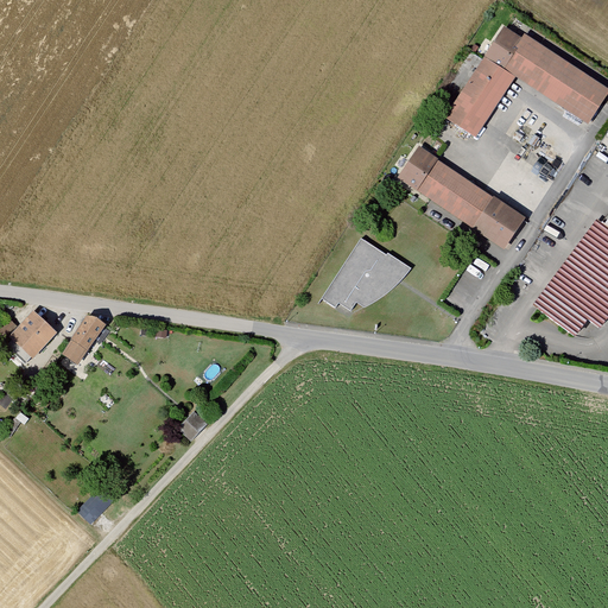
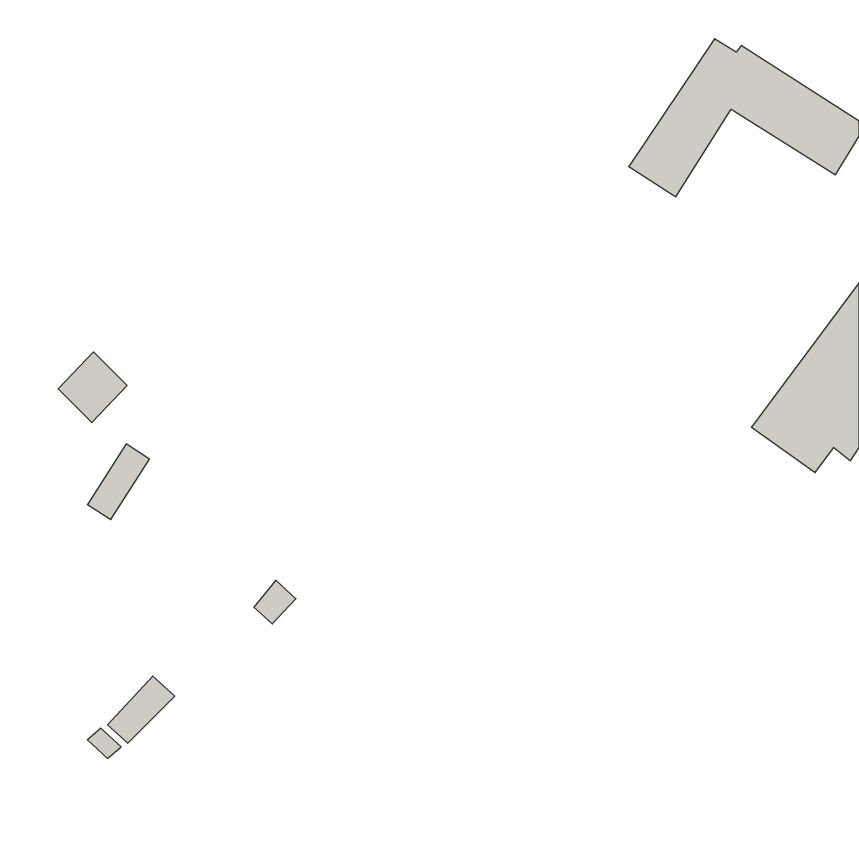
building: [399,147,527,249] -> none
building: [321,238,411,310] -> none
building: [10,310,58,360] -> [58,352,127,423]

